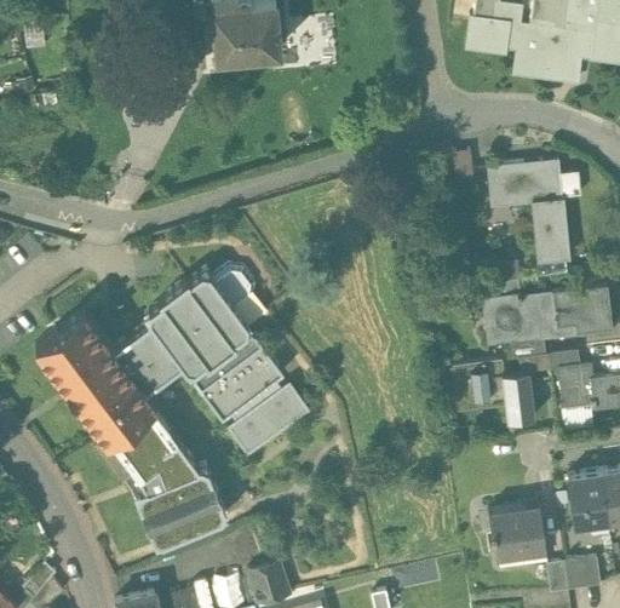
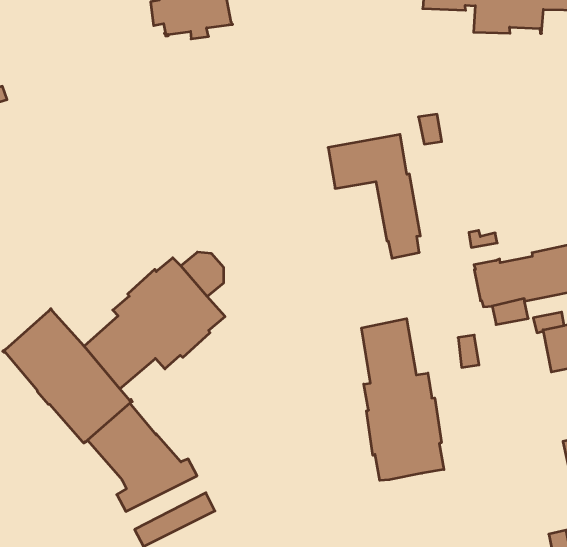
building: [488,160,570,279] -> [328,134,420,258]
building: [190,331,310,455] -> none
building: none -> [362,319,444,480]
building: [501,372,535,424] -> none
building: [140,482,220,529] -> none
building: [488,504,546,566] -> none

